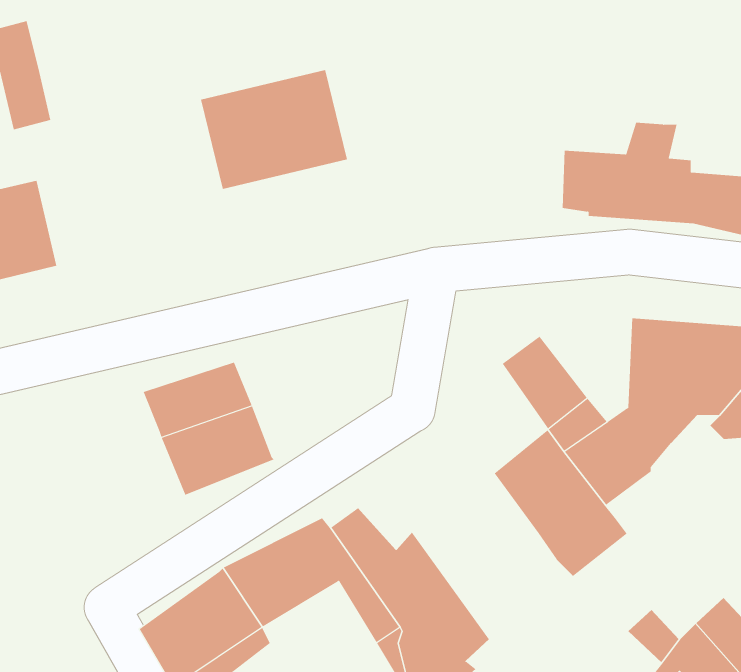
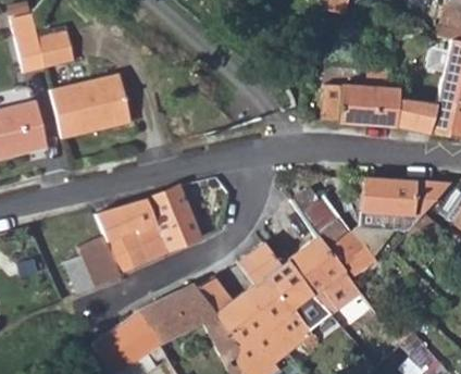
building: none -> [39,32,75,67]
building: [200,70,348,189] -> [51,74,132,139]
building: none -> [146,186,200,252]
building: none -> [65,237,121,291]
building: none -> [237,241,329,351]

